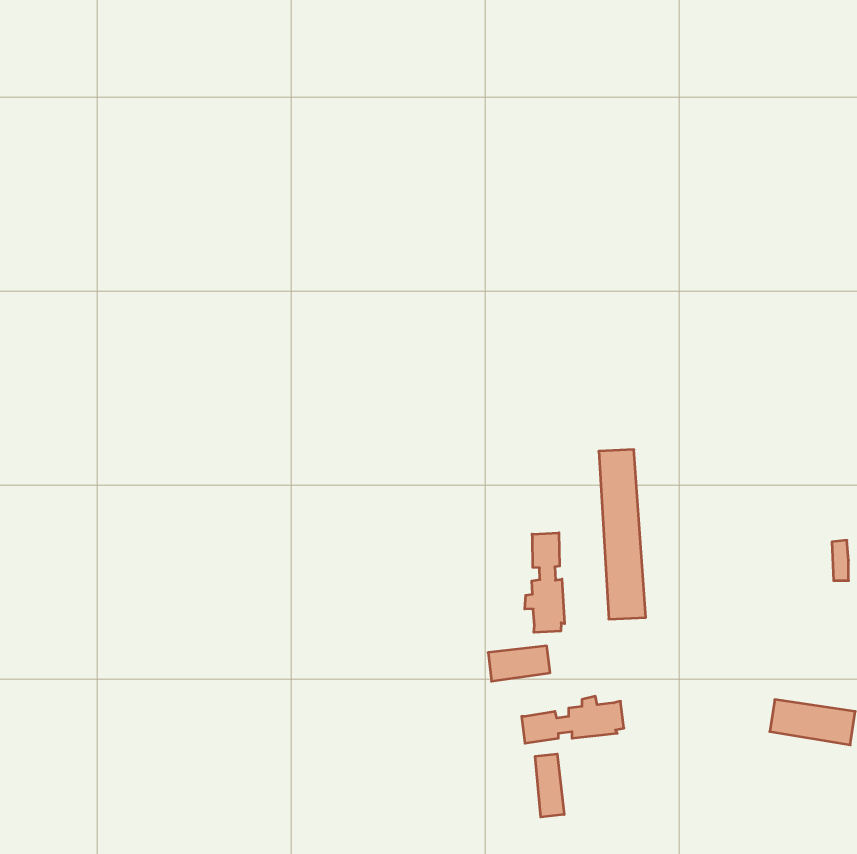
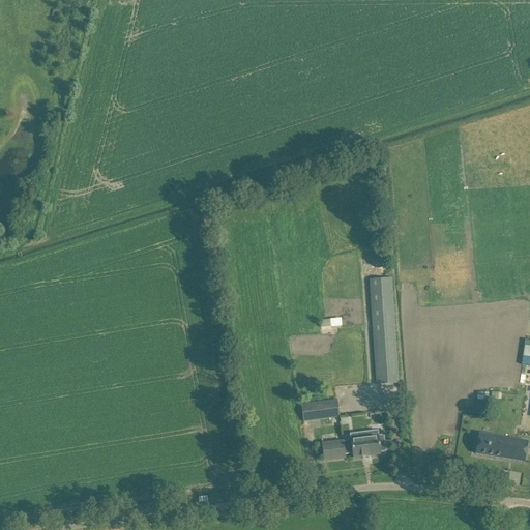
building: [525,533,565,632] -> none
building: [535,754,564,817] -> none

